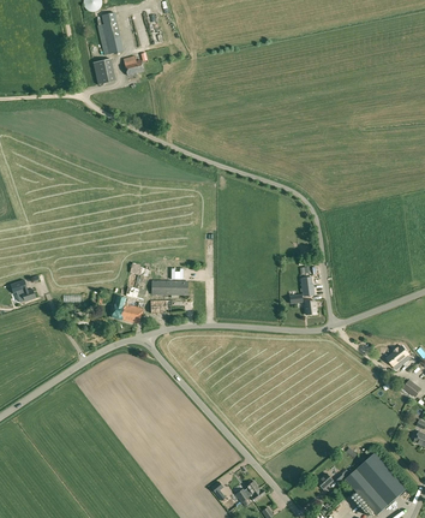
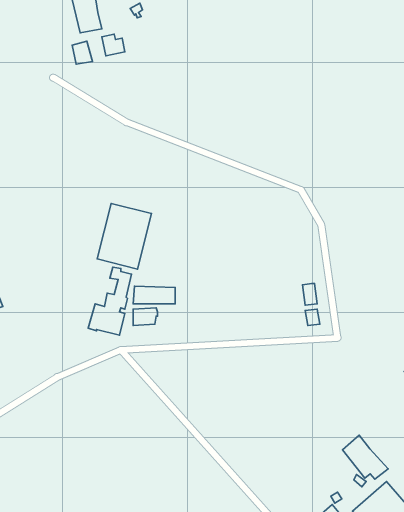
building: none -> [97,204,152,269]
building: none -> [342,435,388,479]

